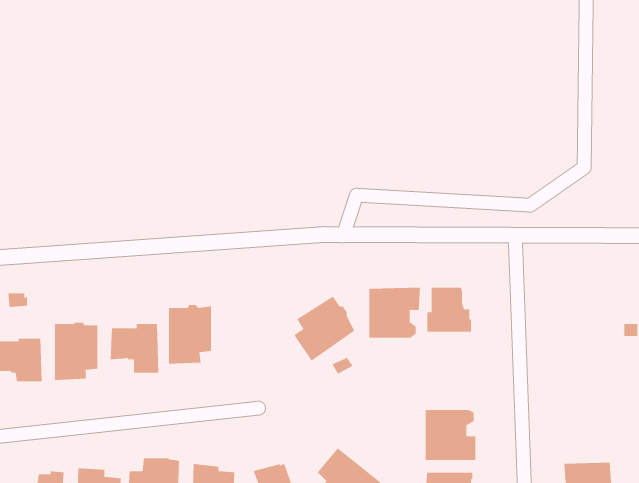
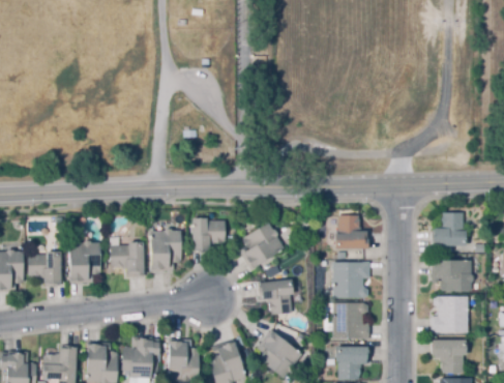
building: none -> [433,213,466,246]
building: [368,287,421,338] -> [333,262,370,298]
building: none -> [191,218,226,252]
building: none -> [432,261,473,291]
building: none -> [258,279,293,315]
building: none -> [432,296,469,332]

